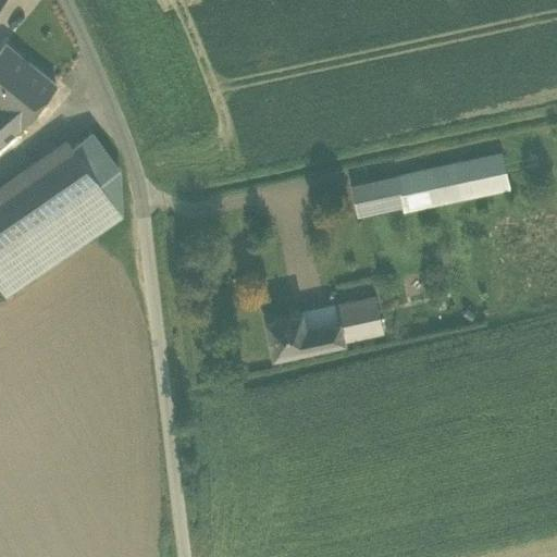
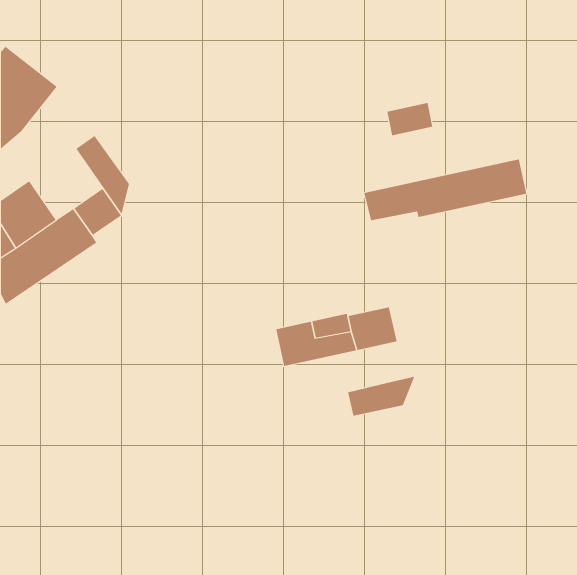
building: none -> [387,102,433,136]
building: [28,145,99,213] -> none
building: none -> [348,376,415,417]

